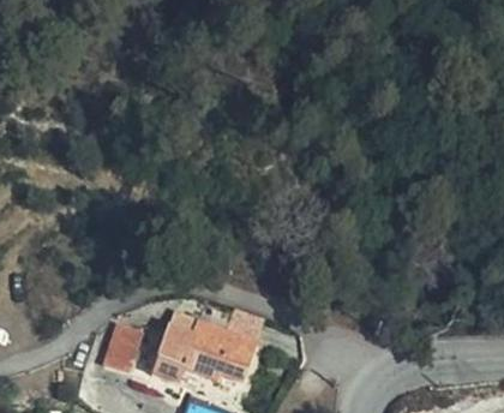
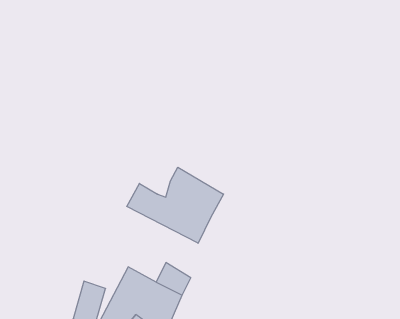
building: none -> [127,167,224,243]

